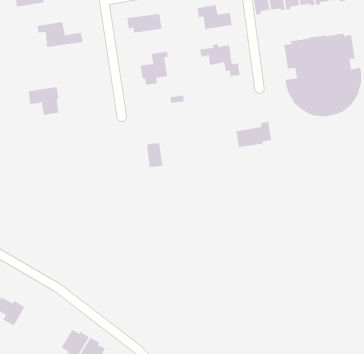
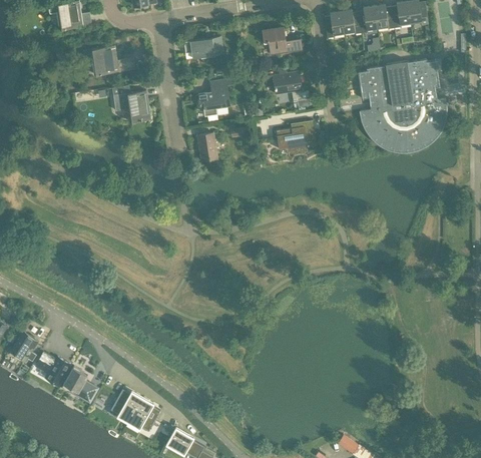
building: [28,87,59,115] -> [113,91,148,123]
building: [236,121,272,147] -> [276,120,317,149]
building: [146,142,163,168] -> [198,133,217,161]
building: none -> [61,367,97,403]

